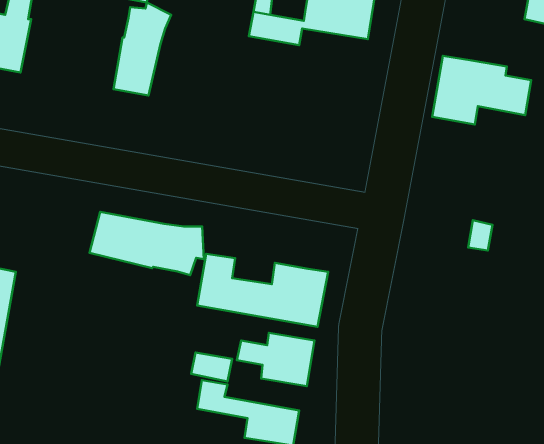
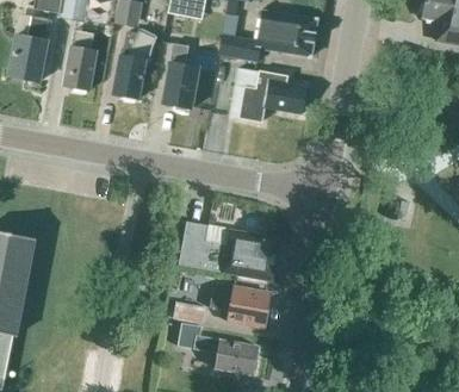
building: none -> [62,31,94,91]
building: none -> [161,43,198,108]
building: [432,56,531,124] -> [228,68,305,122]
building: [90,212,204,275] -> none

